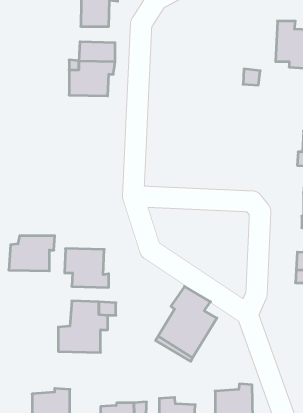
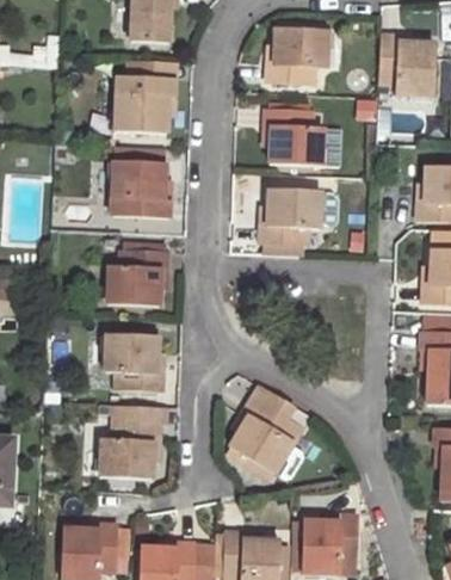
building: none -> [272,21,333,80]
building: none -> [266,115,327,163]
building: none -> [115,166,175,216]
building: none -> [267,196,322,245]
building: [9,236,55,271] -> [109,253,169,300]

